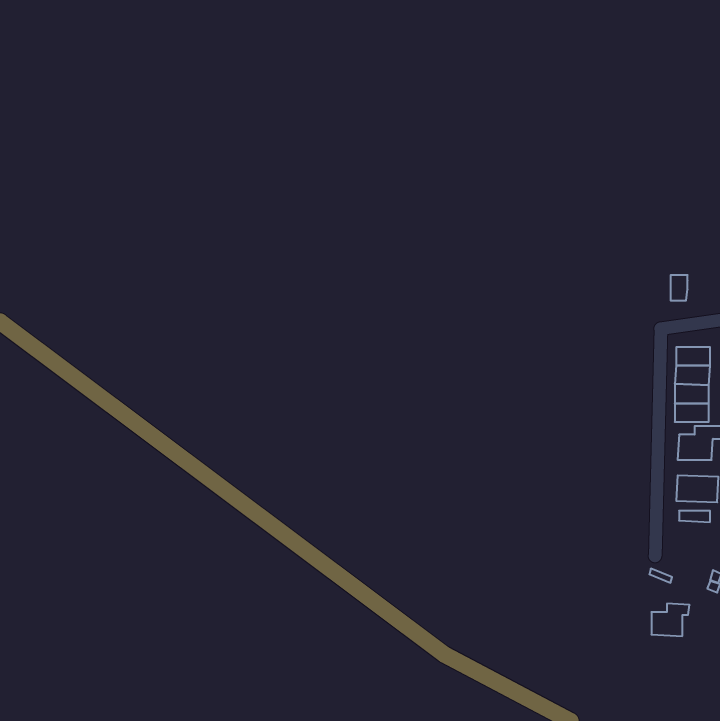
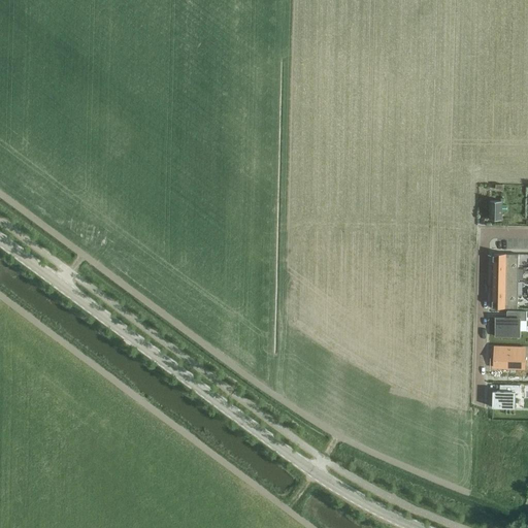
building: [651,604,690,636] -> [494,385,522,408]

